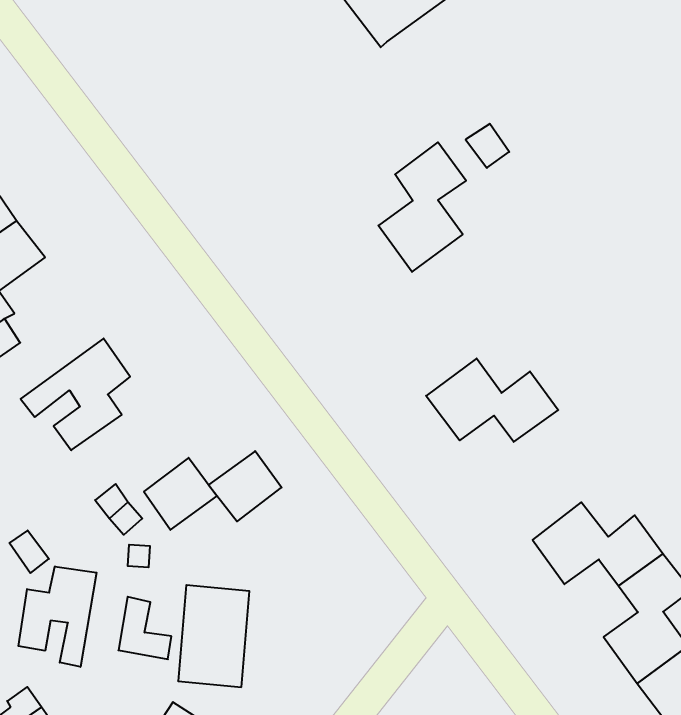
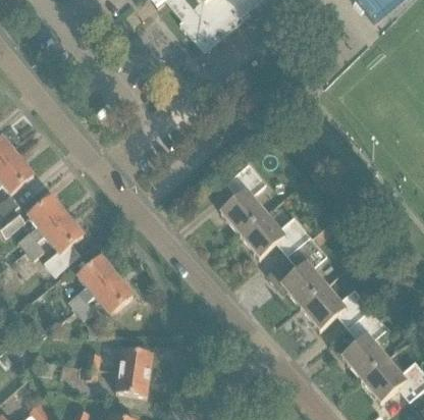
building: [378,142,466,272] -> [220,164,265,233]
building: none -> [18,196,67,249]
building: none -> [281,237,335,306]
building: [208,451,282,521] -> [77,256,116,294]
building: [18,566,97,667] -> none

